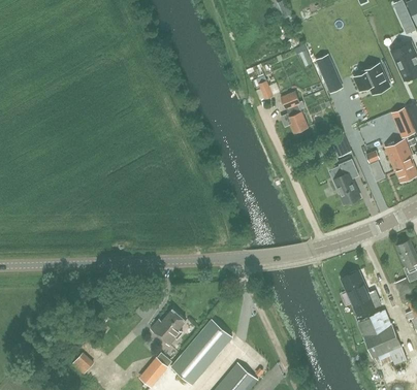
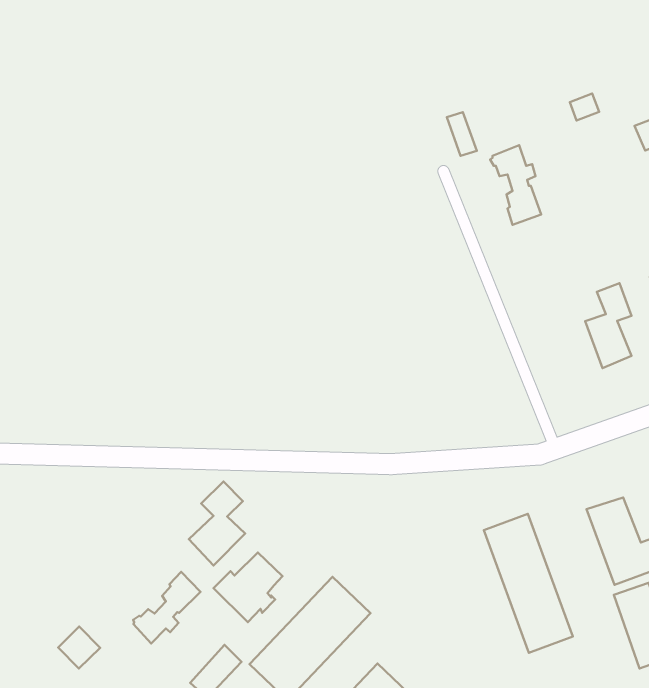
building: none -> [189,481,245,566]
building: none -> [484,514,573,653]
building: none -> [133,572,200,643]

